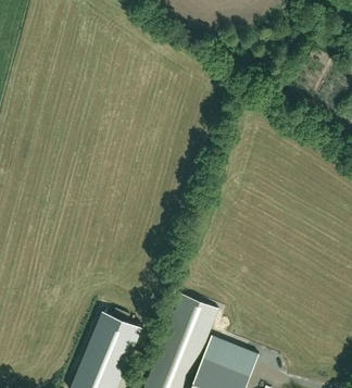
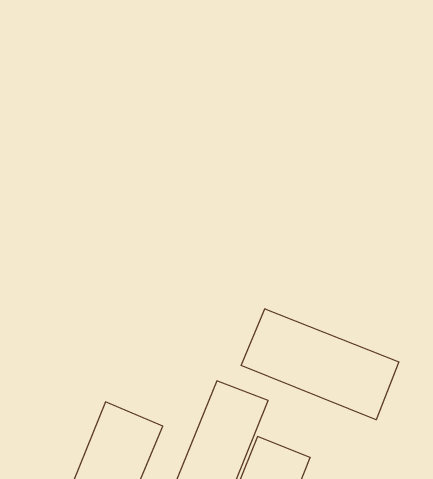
building: none -> [241,309,399,420]

